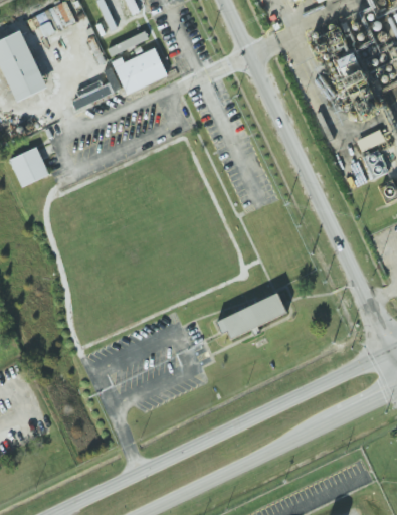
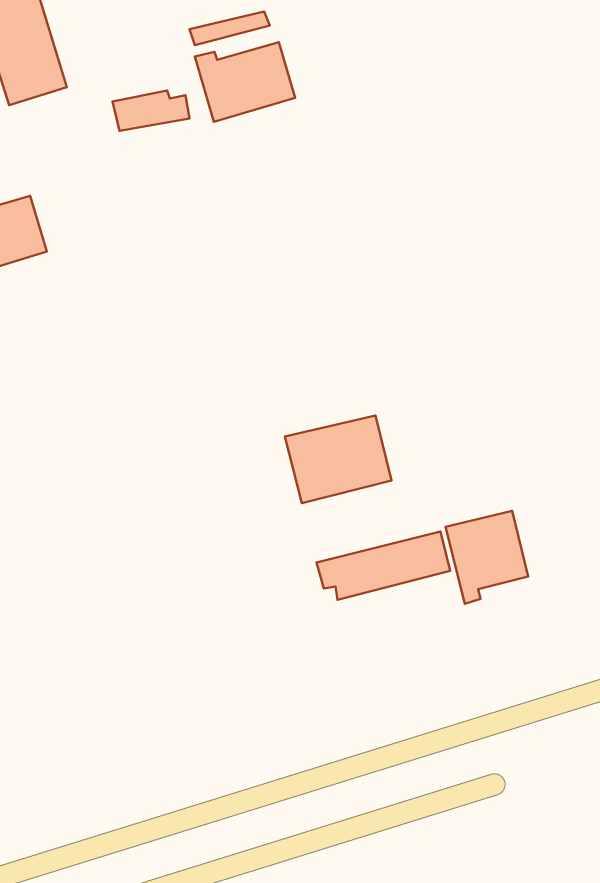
building: none -> [285,416,392,503]
building: none -> [445,511,528,604]

